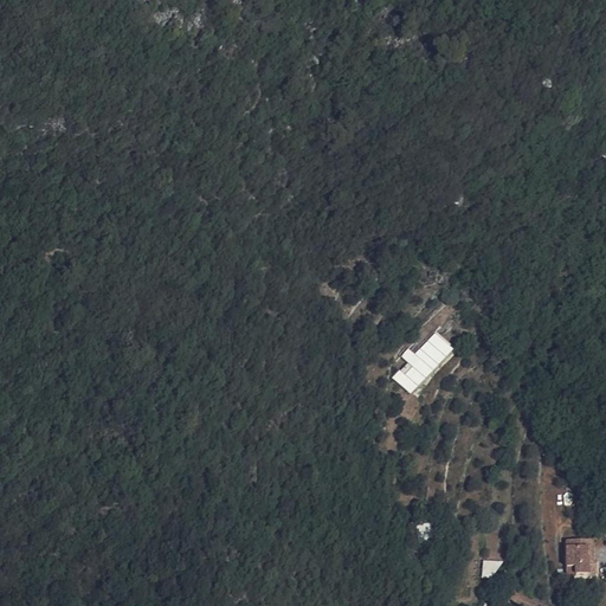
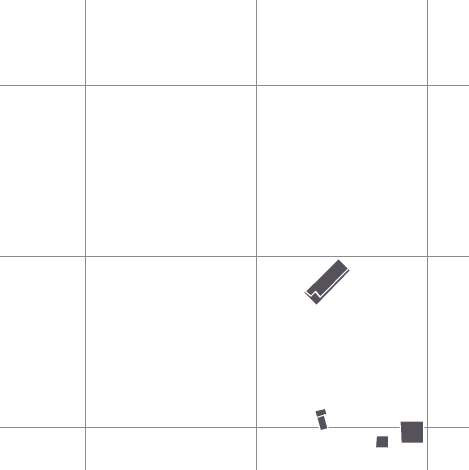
building: [565,539,595,567] -> [400,421,424,443]

